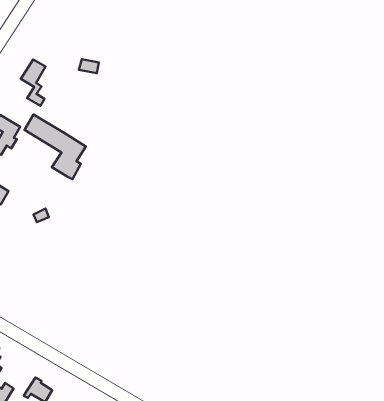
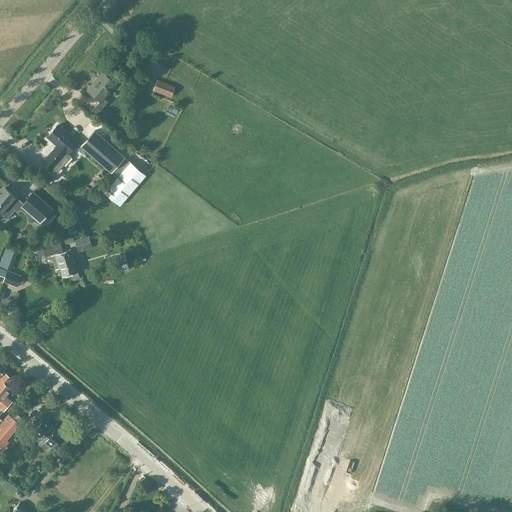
building: none -> [42,242,79,281]

